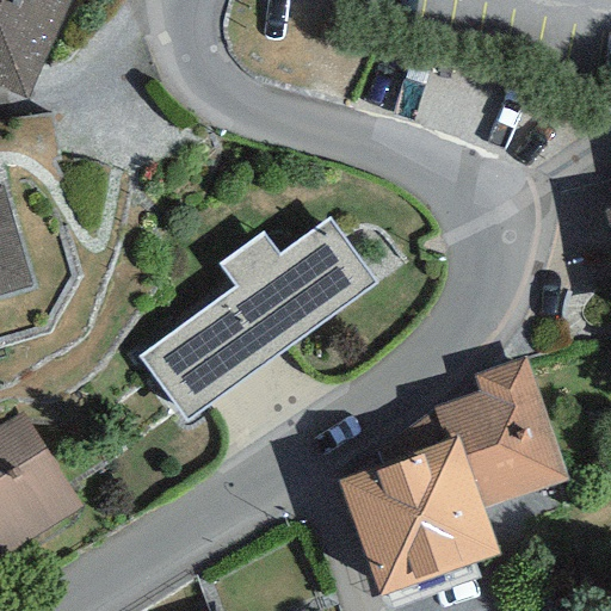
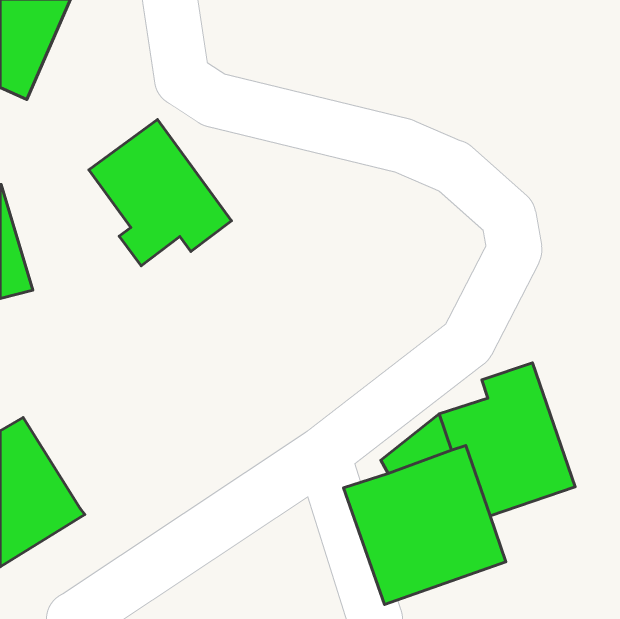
building: none -> [89,120,231,266]
building: [138,217,376,421] -> none

